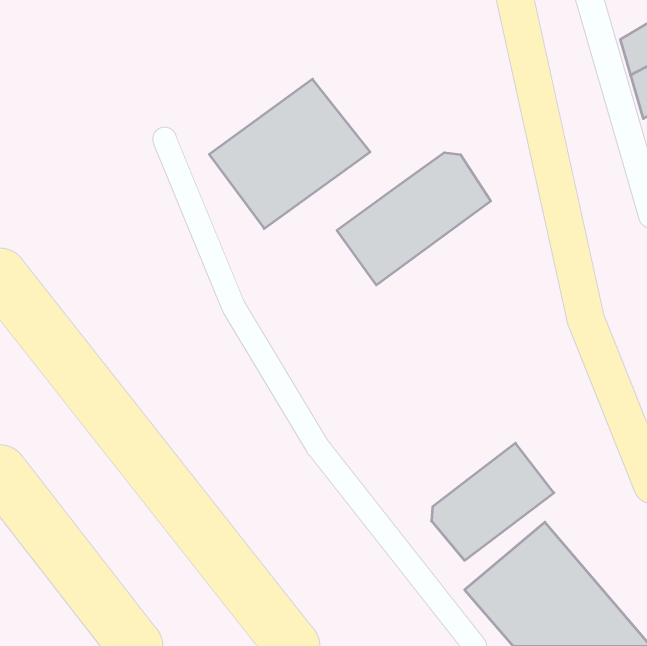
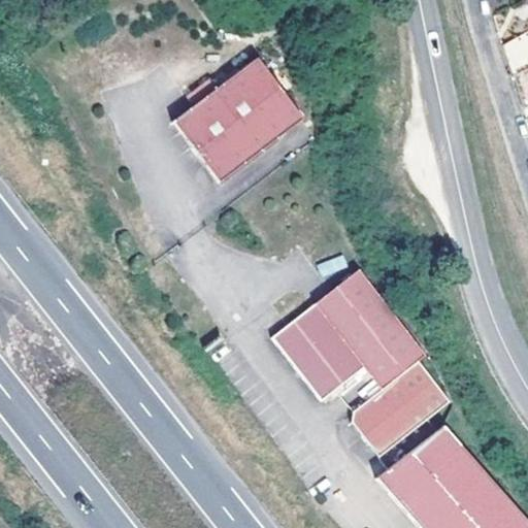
building: [337,153,491,285] -> none
building: none -> [271,267,426,398]

